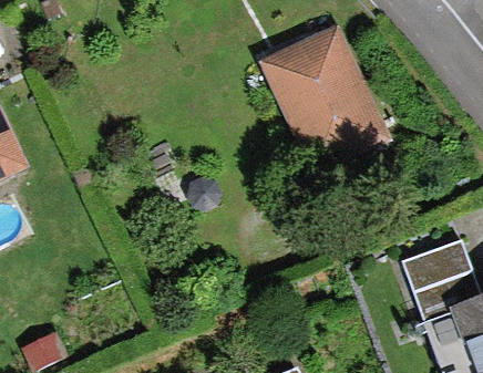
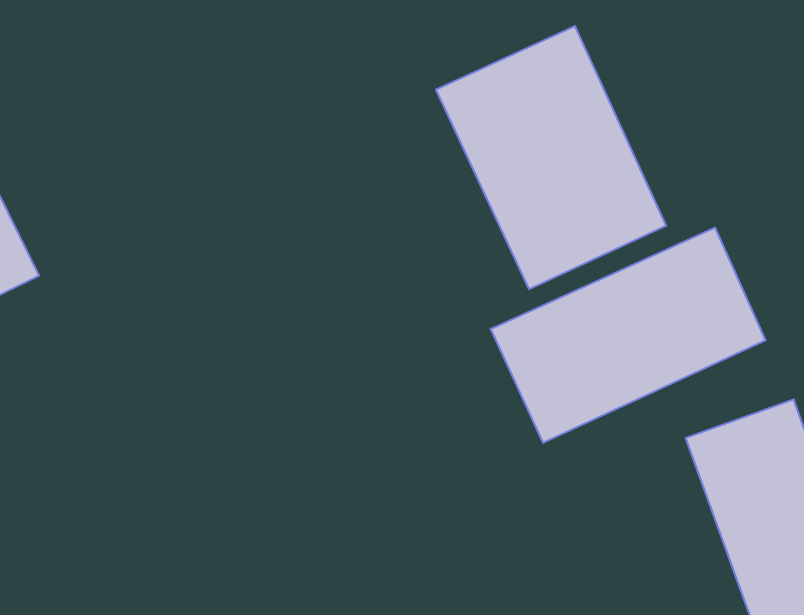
building: none -> [491,227,766,443]

